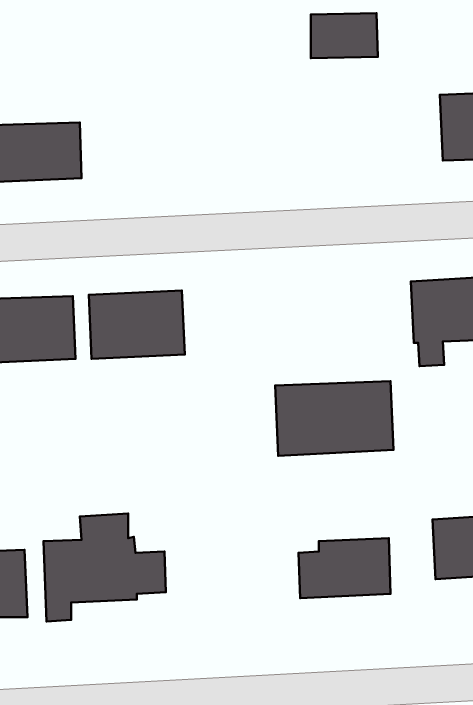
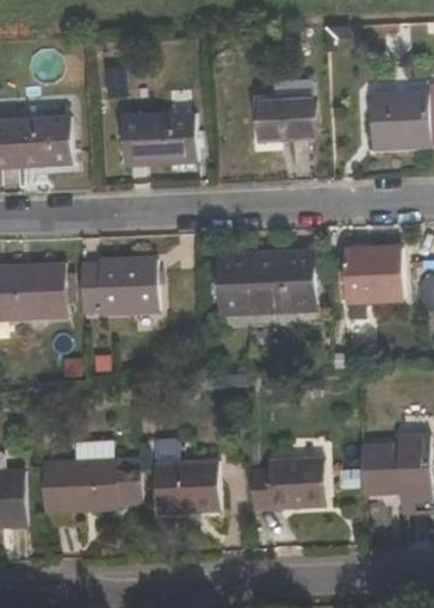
building: [311,13,378,58] -> [259,100,314,137]
building: none -> [120,113,196,166]
building: [275,381,393,456] -> [217,252,314,312]
building: none -> [154,461,218,513]

